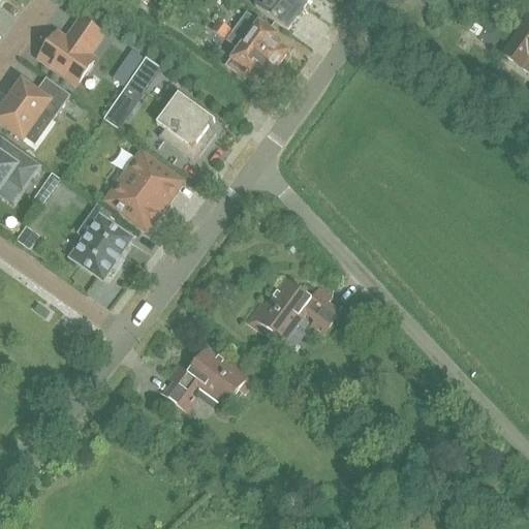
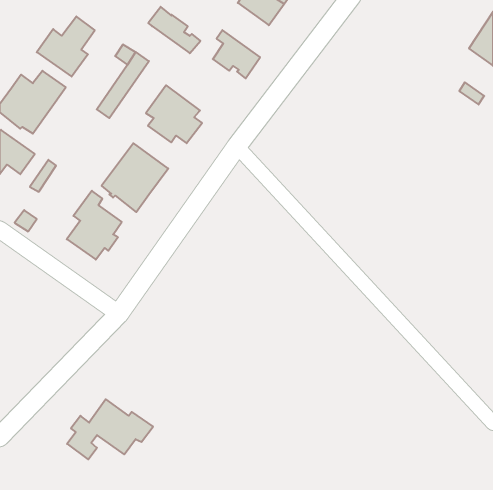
building: [234,11,289,61] -> [148,7,200,53]
building: [247,281,340,343] -> none
building: [165,345,257,409] -> [67,399,153,459]

